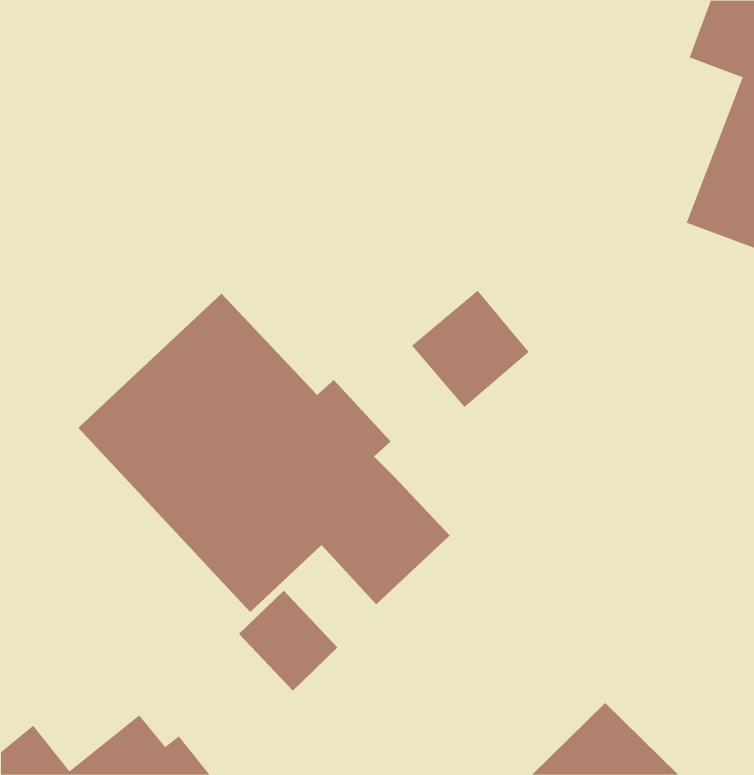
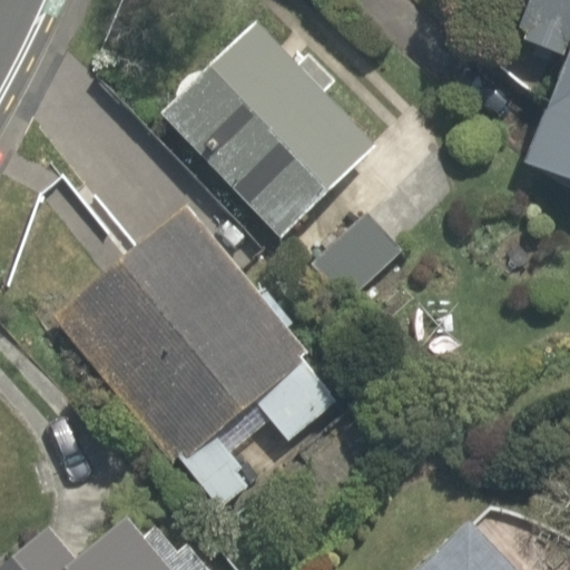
building: none -> [157,19,375,237]

